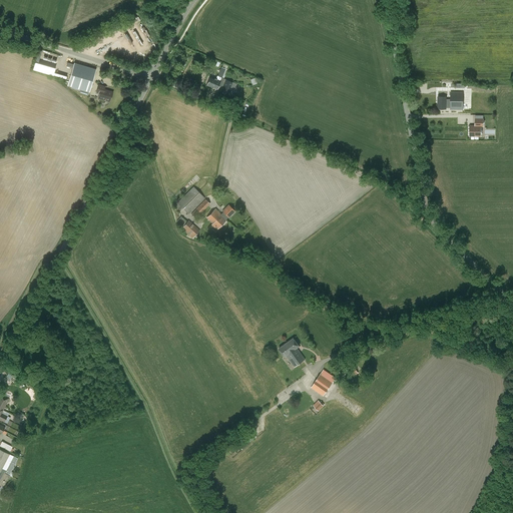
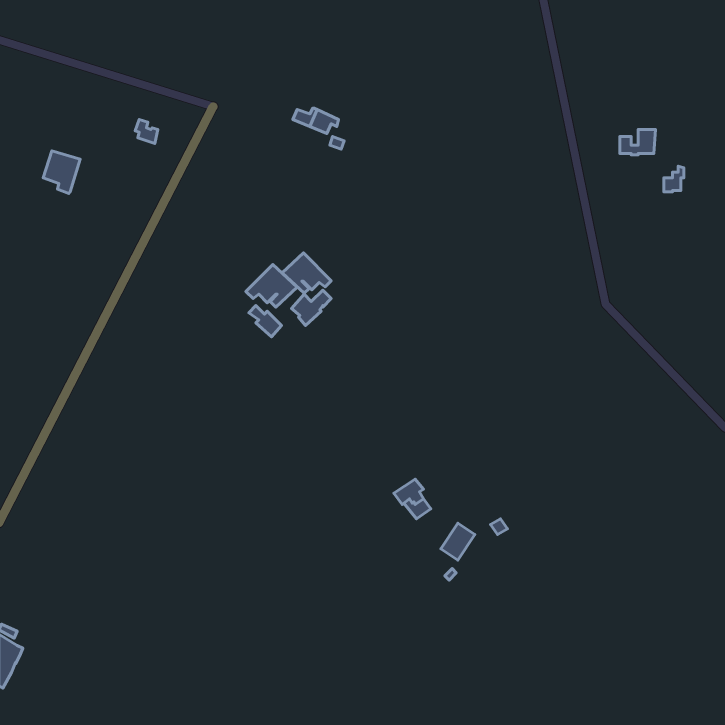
building: [68,64,94,94] -> [43,151,80,193]
building: none -> [282,253,331,293]

